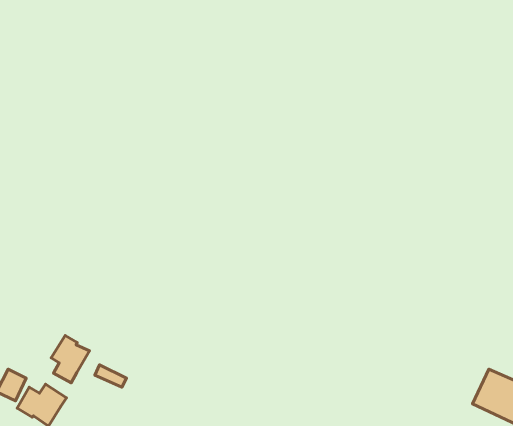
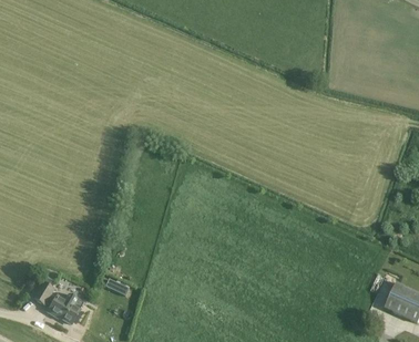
building: [51,335,89,383] -> none

